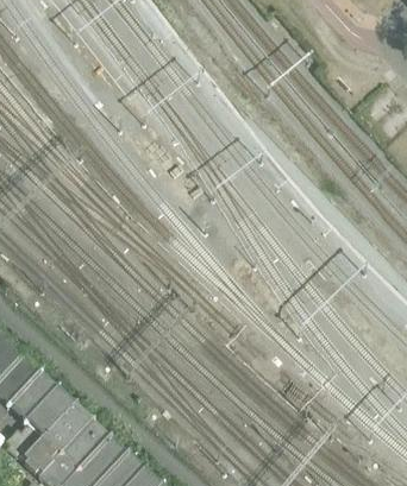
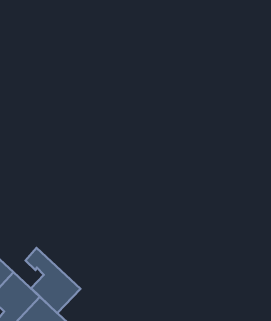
building: none -> [25,248,80,313]

